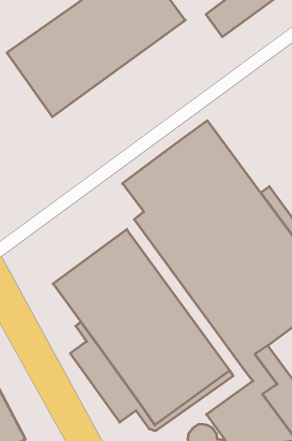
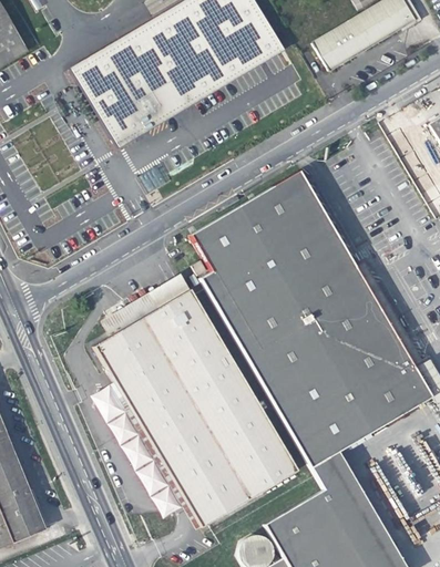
building: none -> [102,275,192,337]

